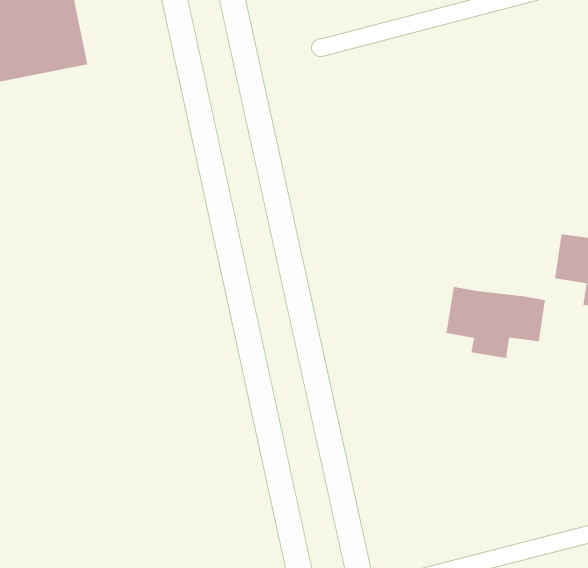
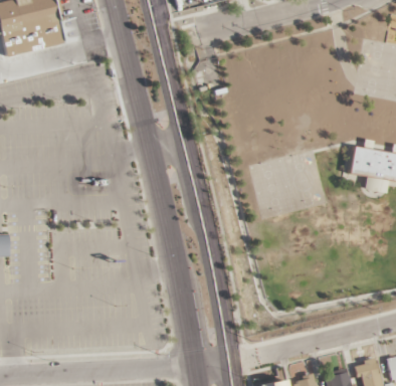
building: [446,286,546,359] -> none

